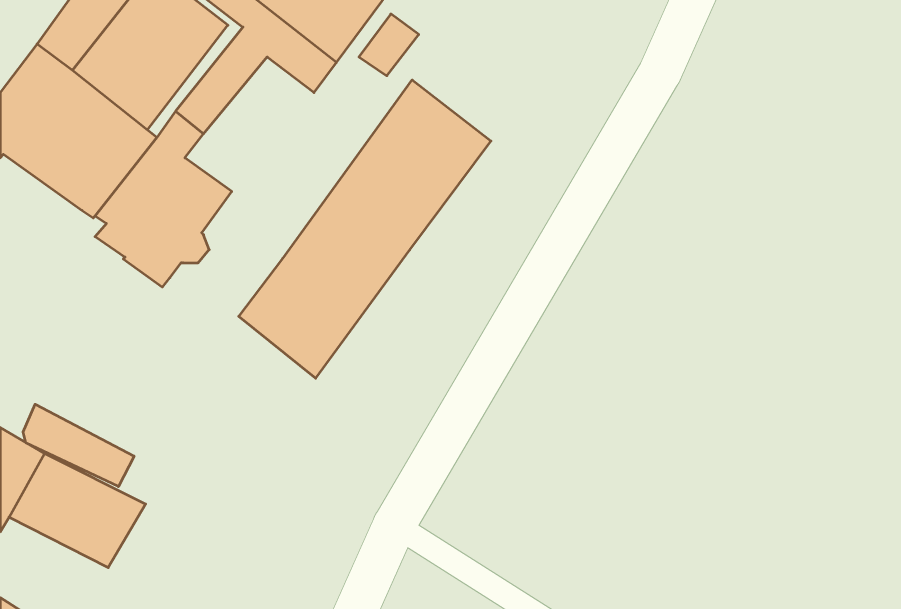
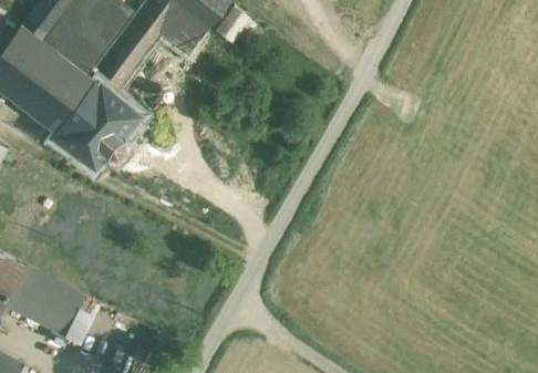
building: [239,80,491,378] -> none
building: [23,404,134,487] -> none

